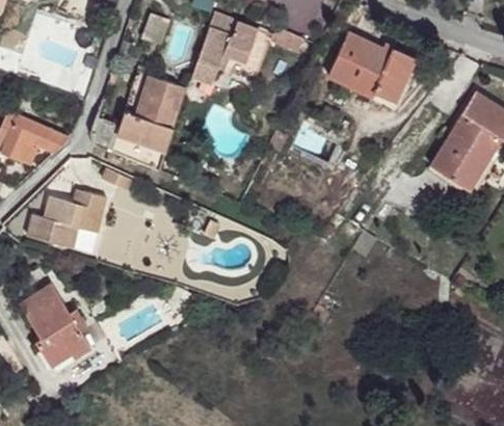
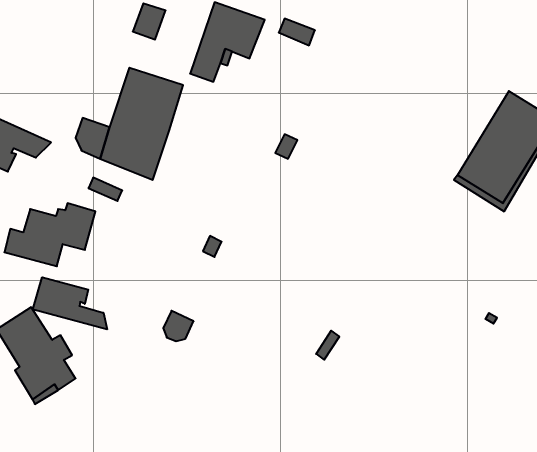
building: [327,30,417,101] -> none
building: none -> [33,277,107,329]

